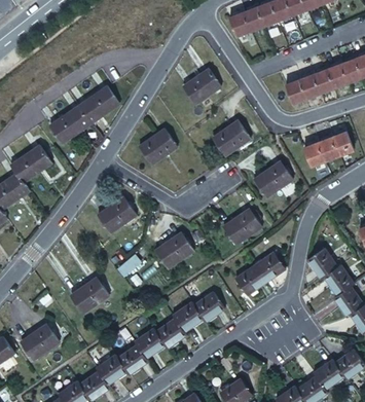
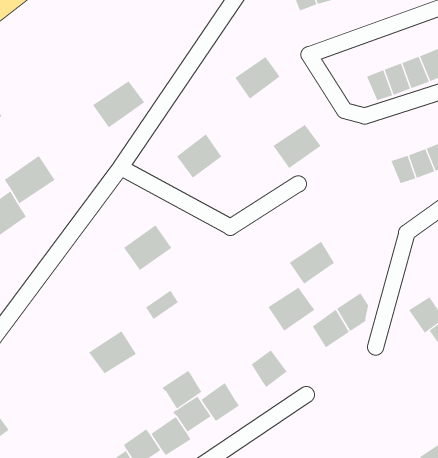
building: [47,107,87,144] -> none
building: [252,161,289,196] -> none
building: [155,233,191,267] -> [268,287,315,332]
building: [173,300,204,330] -> [162,370,202,409]
building: [23,325,57,357] -> none

